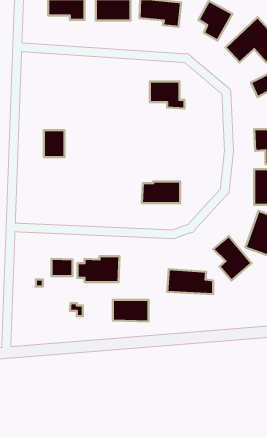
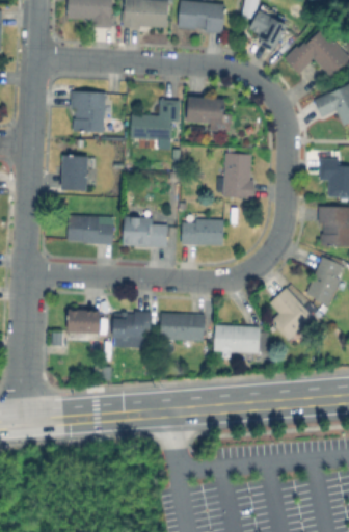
building: none -> [75,95,104,131]
building: none -> [132,101,180,139]
building: none -> [225,156,252,197]
building: none -> [120,216,168,248]
building: none -> [69,218,114,243]
building: [113,300,149,321] -> [162,315,205,341]

